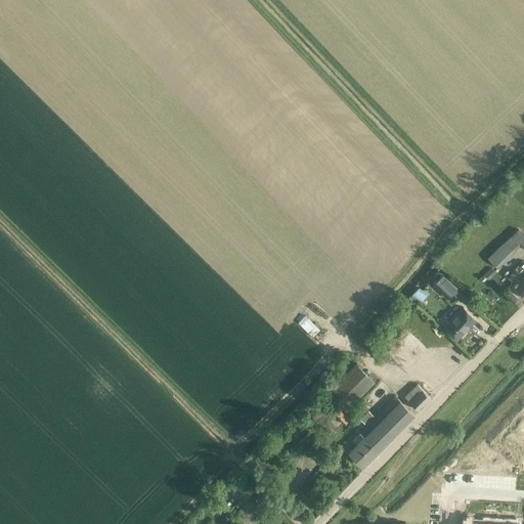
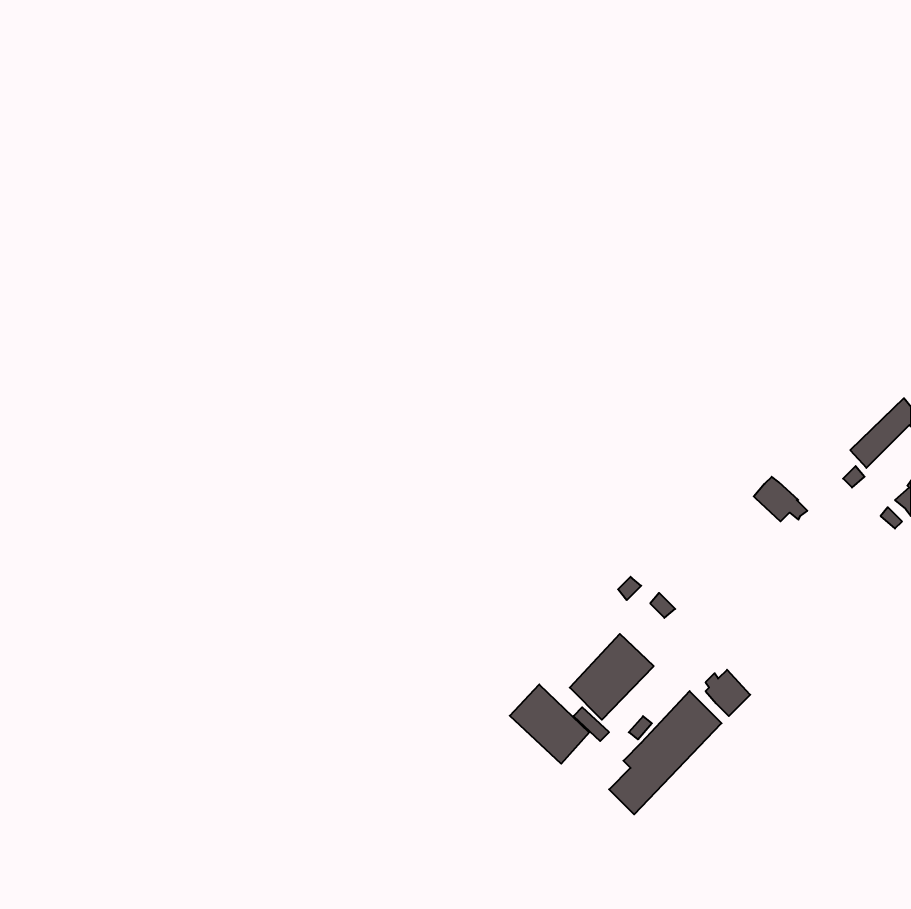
building: [444,309,475,341] -> none
building: none -> [510,684,589,764]

